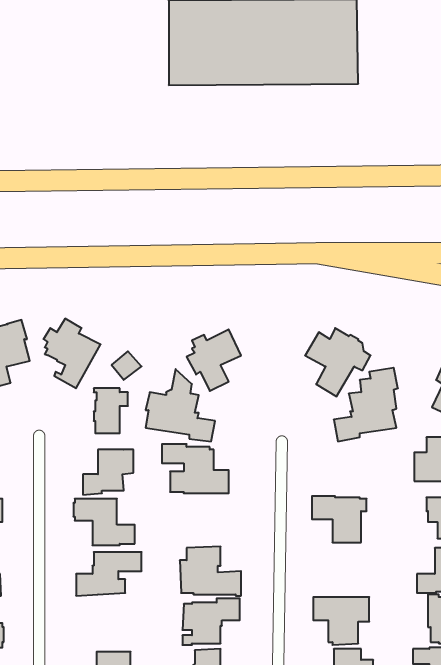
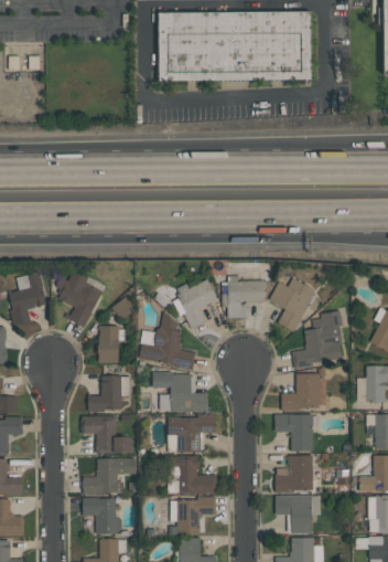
building: none -> [223,276,265,318]
building: none -> [281,374,326,412]
building: none -> [168,415,215,452]
building: none -> [276,456,313,494]
building: none -> [84,498,122,534]

